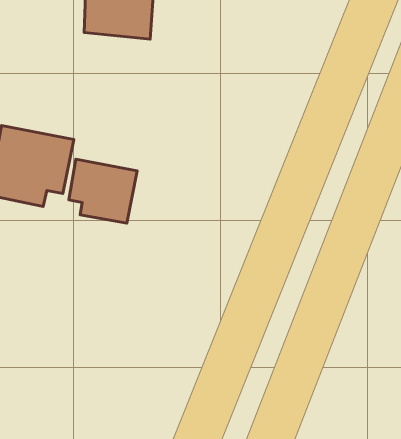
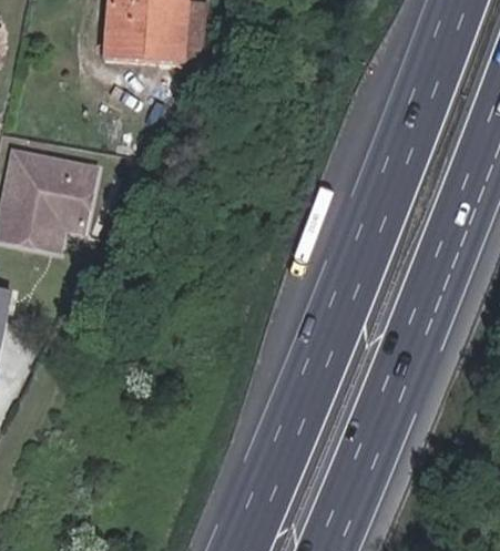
building: [69,159,137,223] -> none

